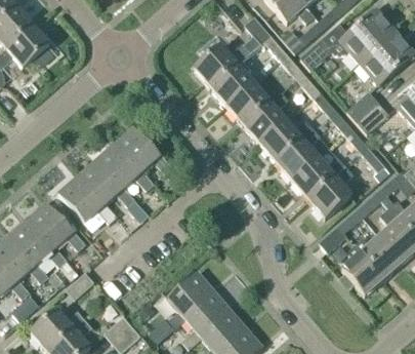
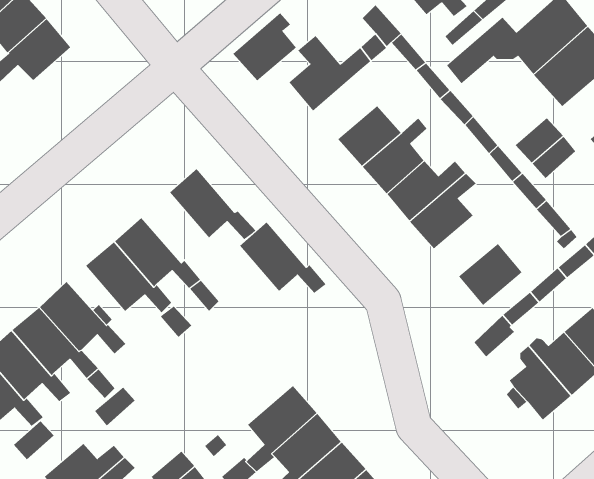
building: [211,60,254,106] -> [233,12,297,81]
building: [96,142,155,190] -> [239,222,326,293]
building: [292,157,345,198] -> none

